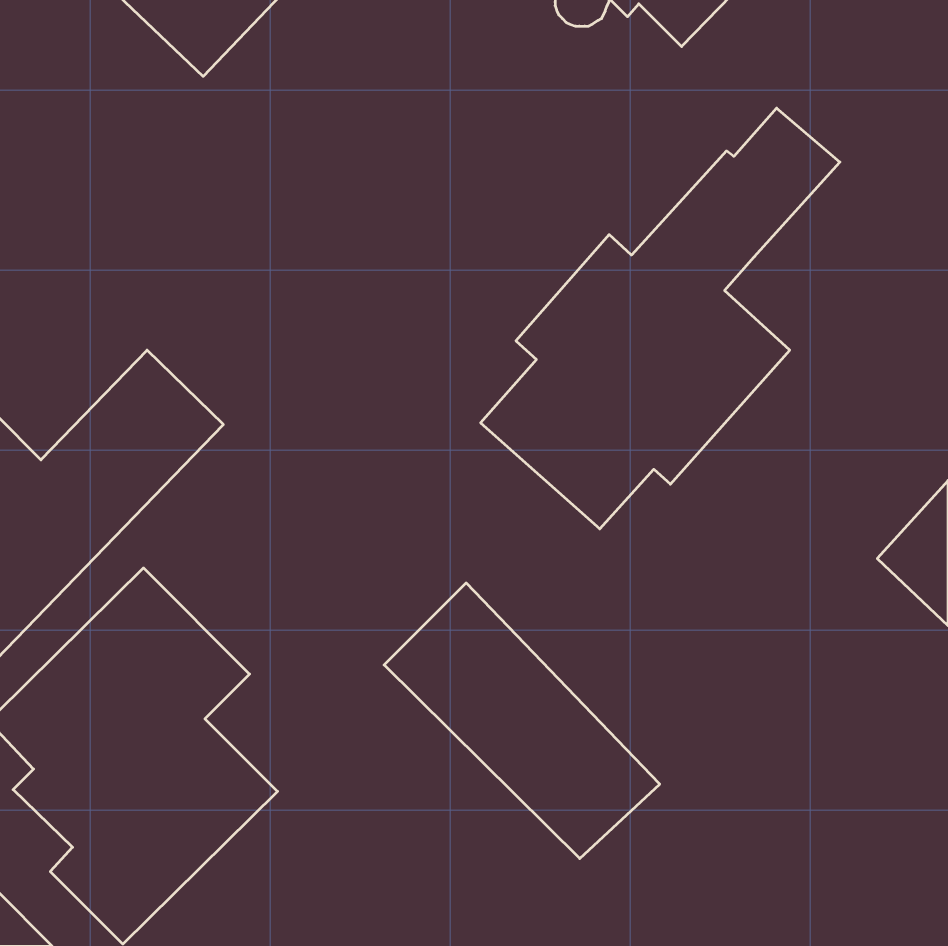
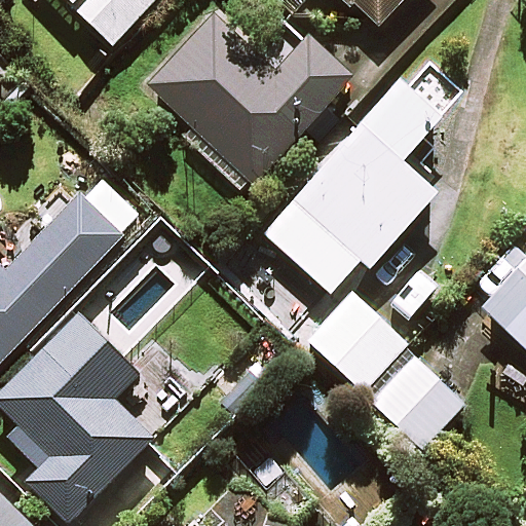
building: none -> [149,15,349,191]
building: [384,583,660,859] -> [308,293,460,445]

